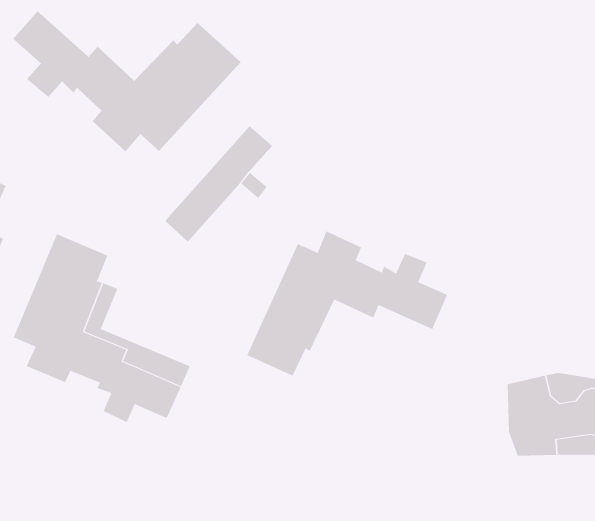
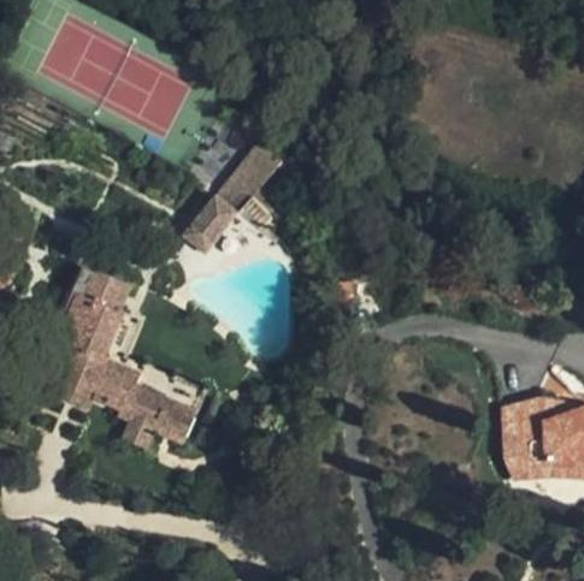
building: [12,10,241,152] -> none
building: [247,231,448,377] -> none

